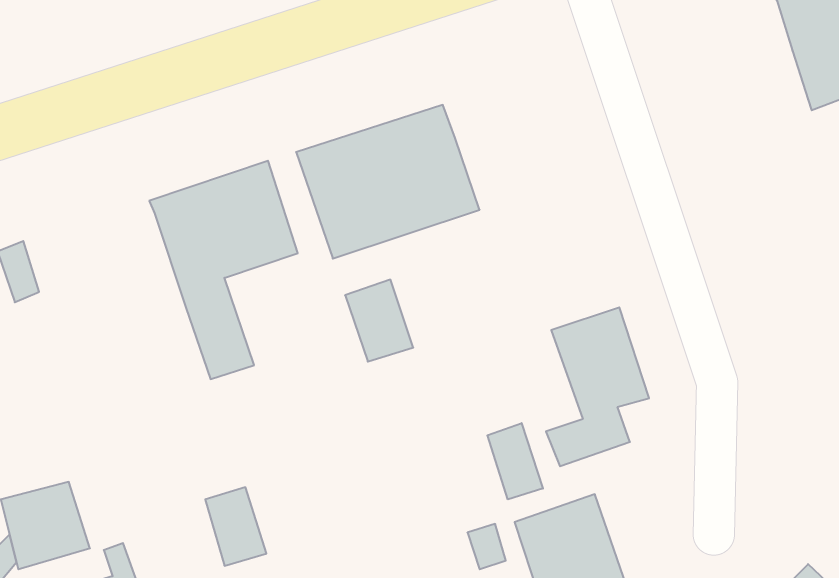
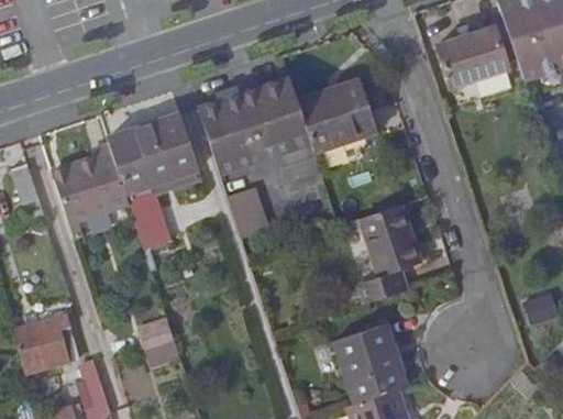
building: none -> [438,29,509,90]
building: none -> [299,80,376,154]
building: none -> [53,147,130,225]
building: [487,423,543,499] -> none

